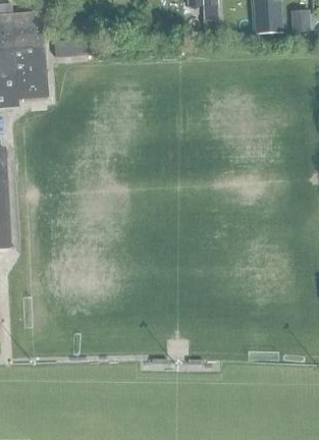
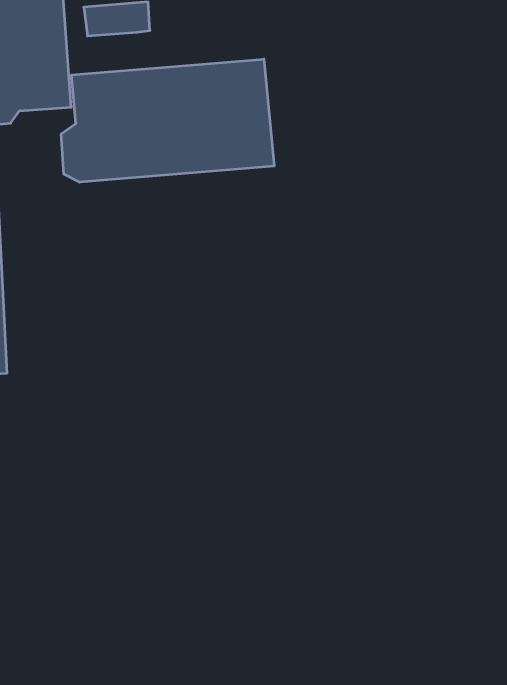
building: none -> [61,59,274,182]

